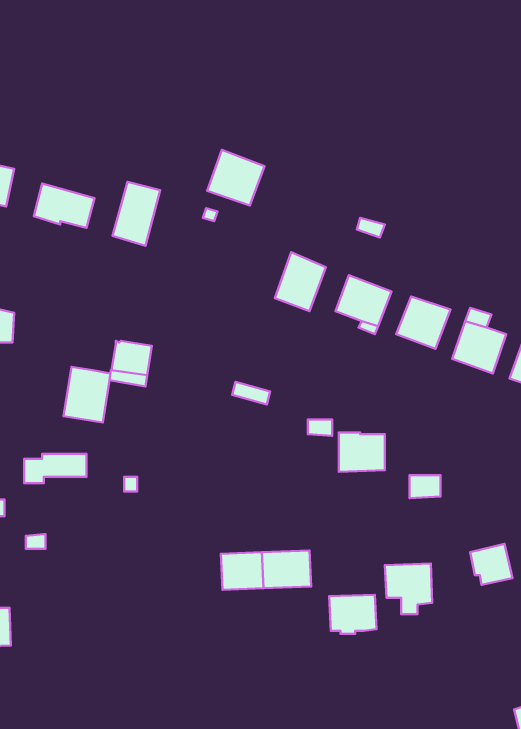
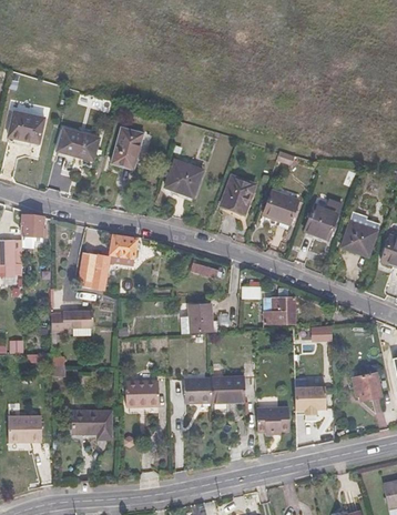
building: [207,150,264,205] -> [164,159,203,196]
building: none -> [181,304,212,333]
building: none -> [125,381,159,405]
building: none -> [73,410,111,438]

